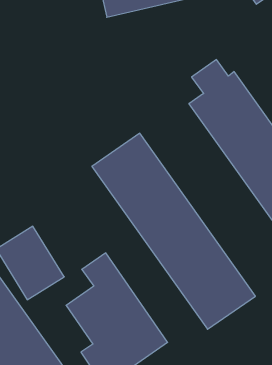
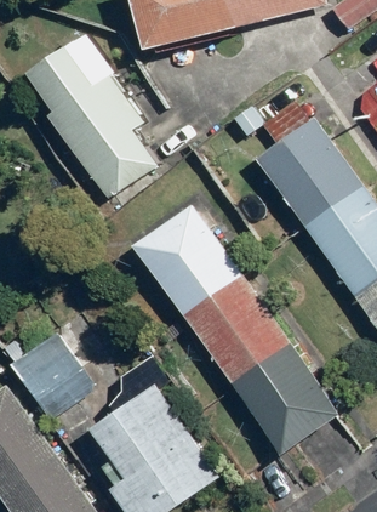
building: none -> [28,34,152,199]

